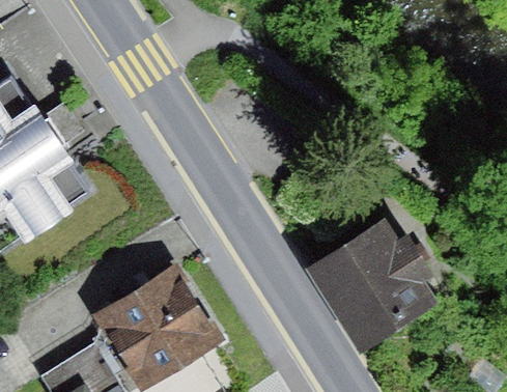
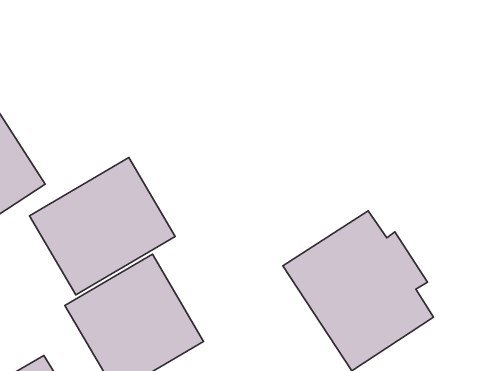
building: none -> [29,158,175,295]

